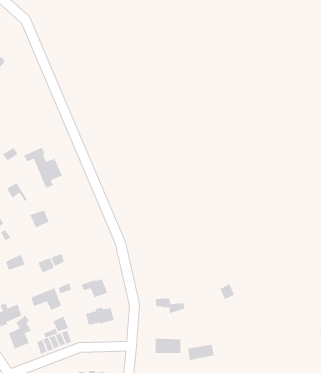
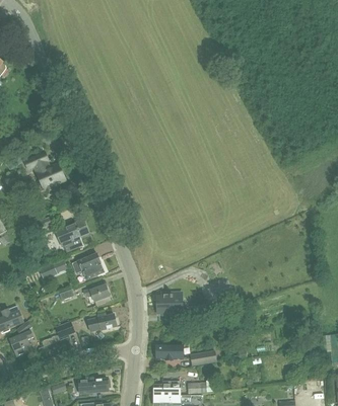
building: none -> [54,220,87,252]
building: none -> [156,291,186,310]
building: [30,288,62,311] -> [72,253,104,276]

